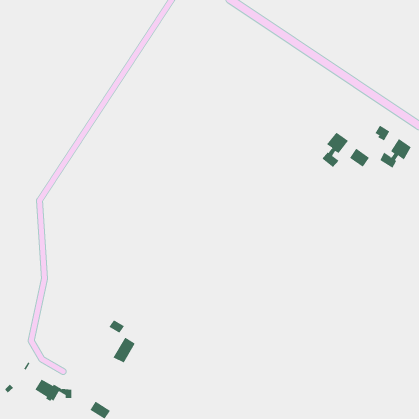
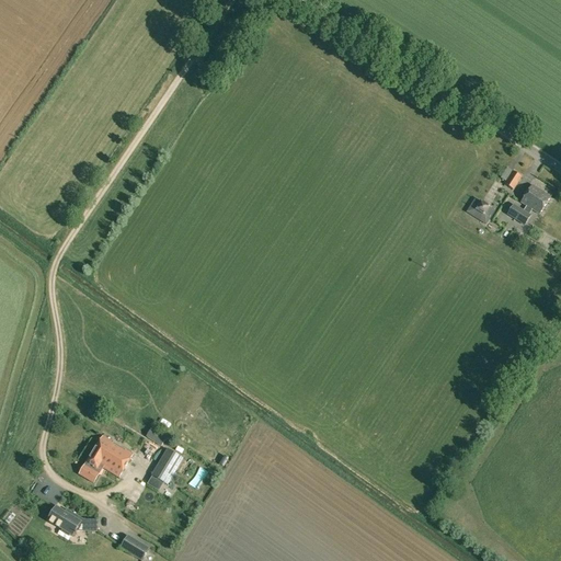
building: [322,132,349,168] -> none
building: none -> [79,435,131,482]

